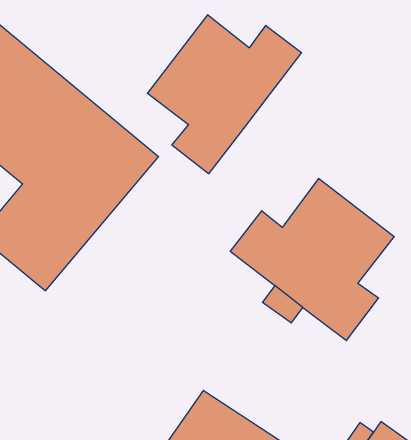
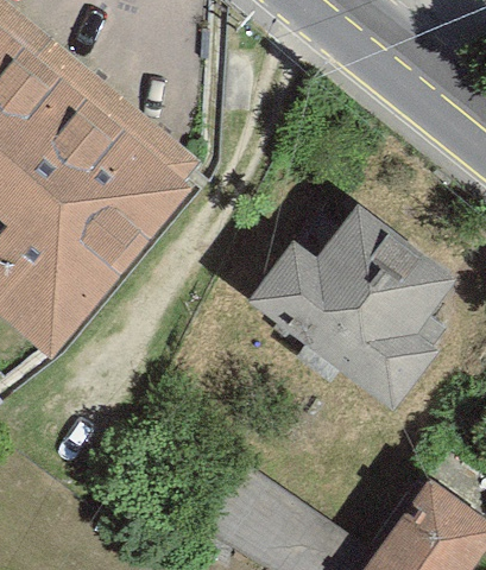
building: [147,15,301,174] -> none

